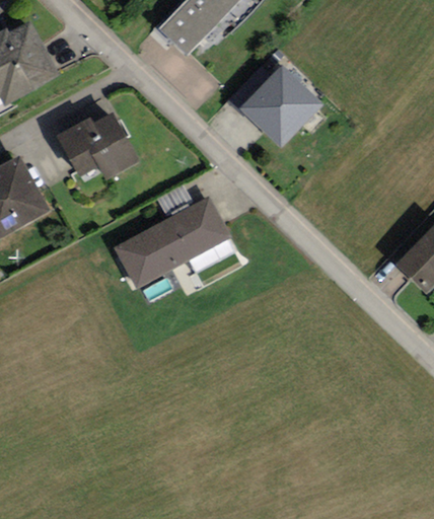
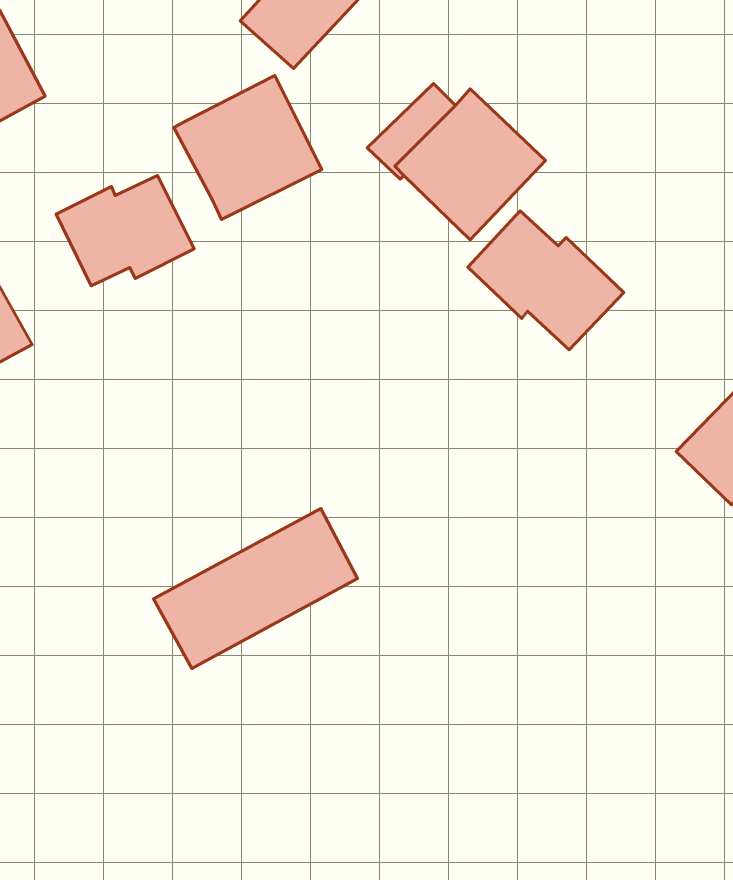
building: none -> [174,76,322,219]
building: none -> [468,211,624,350]
building: [112,197,224,285] -> [153,509,358,669]

